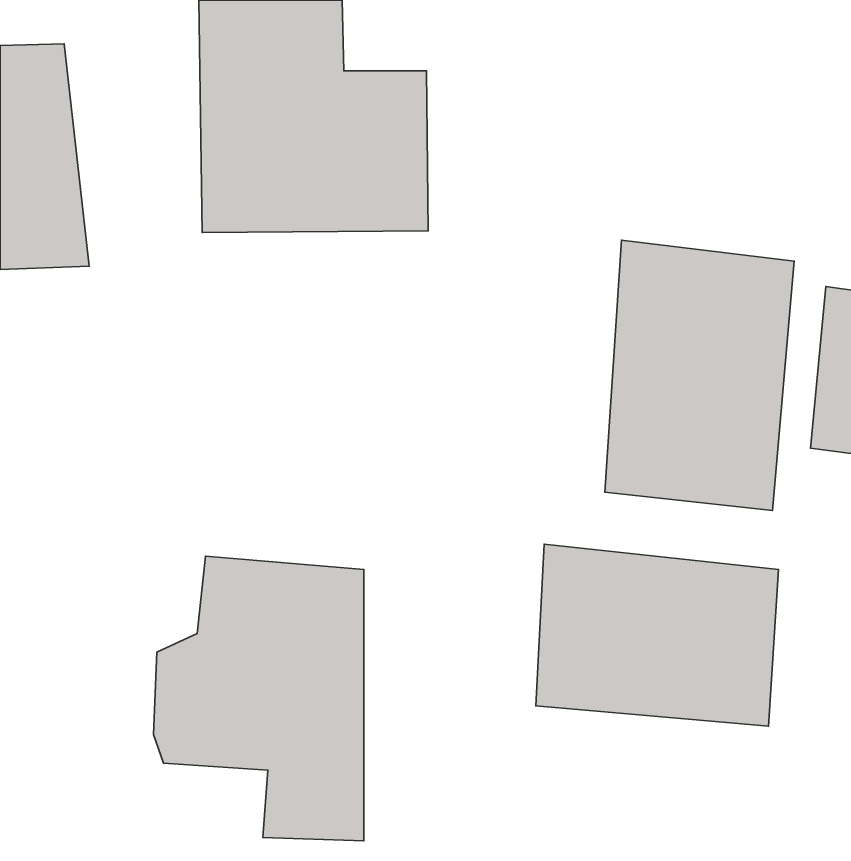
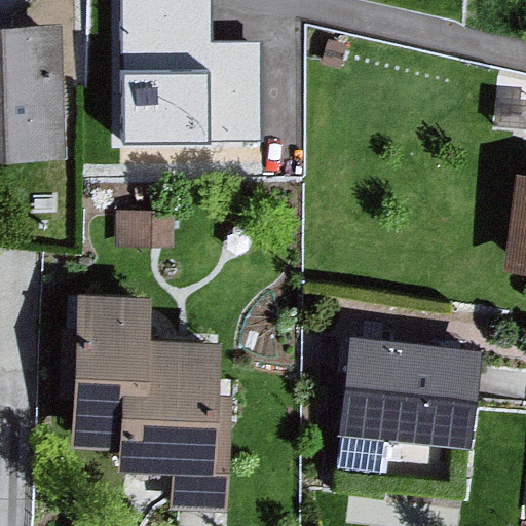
building: [605,240,794,511] -> none
building: none -> [61,292,136,448]

